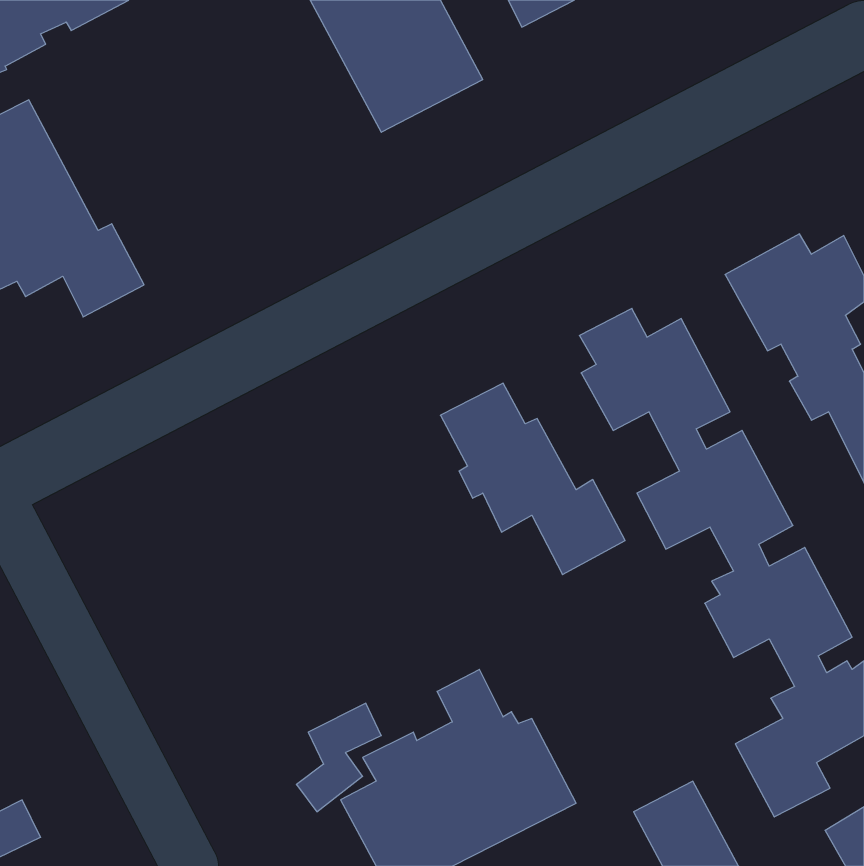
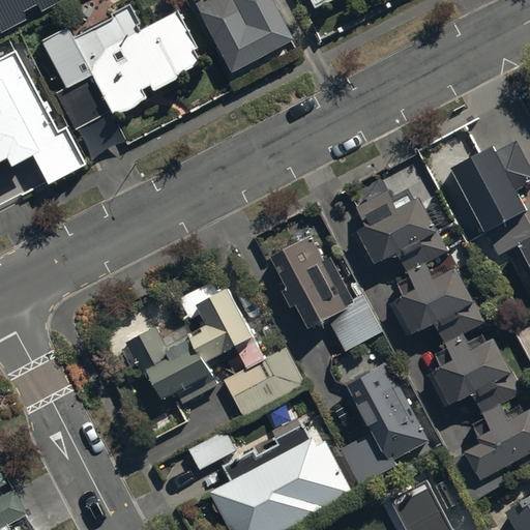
building: none -> [43,13,203,136]
building: none -> [121,278,306,416]
building: none -> [342,361,426,484]

